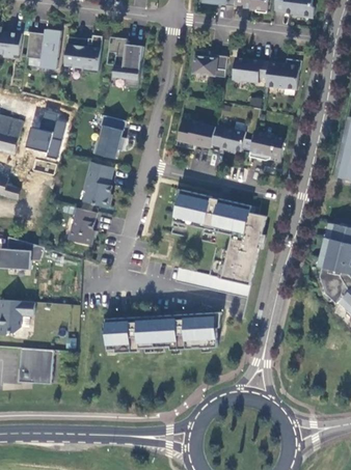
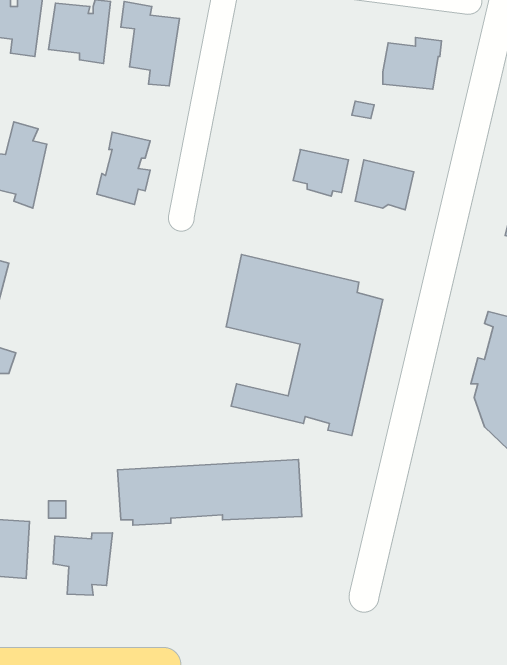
building: [192,50,227,77] -> none
building: [233,57,269,83] -> none
building: [176,121,216,149] -> none
building: [83,169,112,208] -> none
building: [69,208,97,245] -> none
building: none -> [53,533,113,595]

